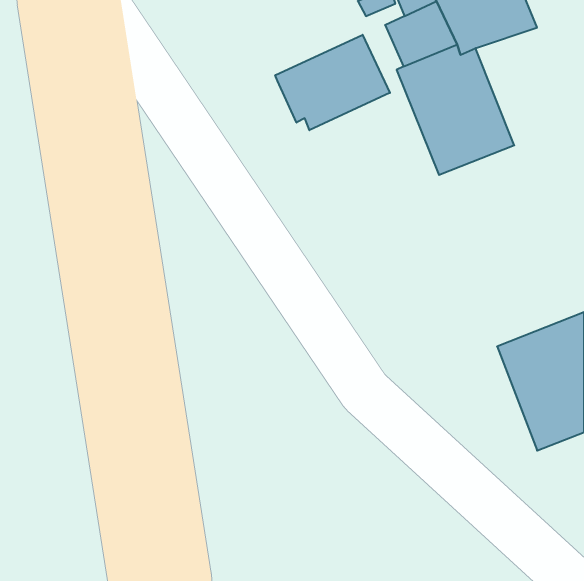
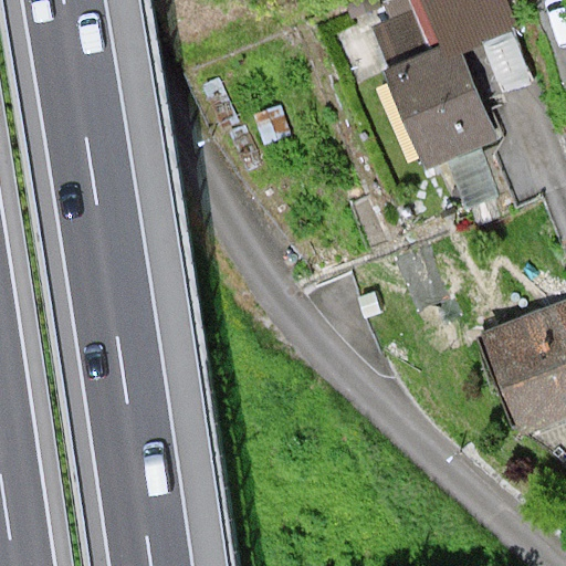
building: [275,35,390,130] -> none

